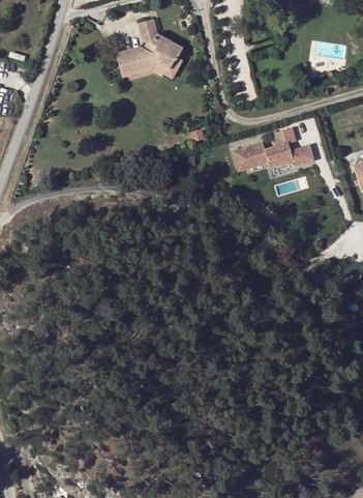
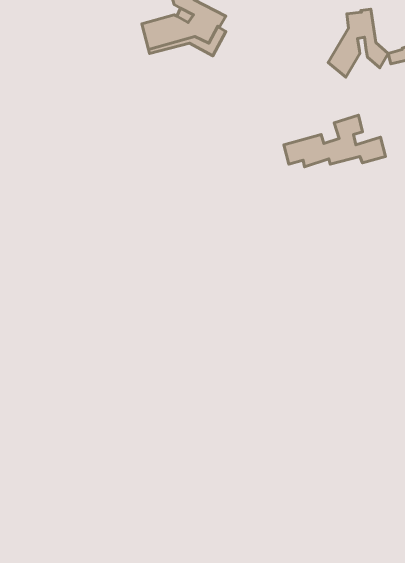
building: none -> [328,9,388,77]

